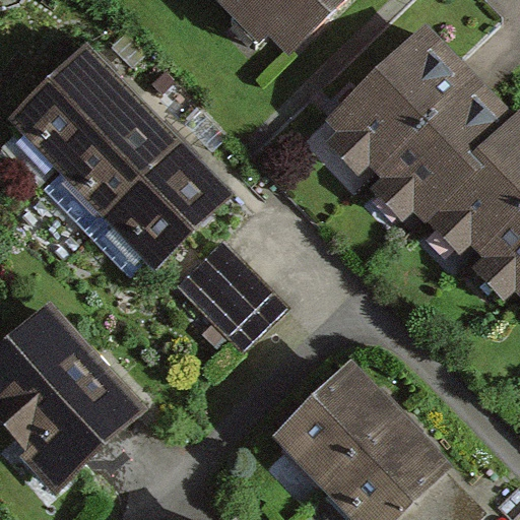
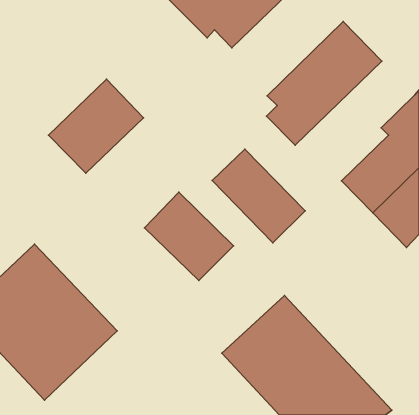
building: [14,51,131,167] -> none
building: [364,75,511,222] -> none
building: [106,145,222,261] -> none
building: none -> [212,149,305,243]

